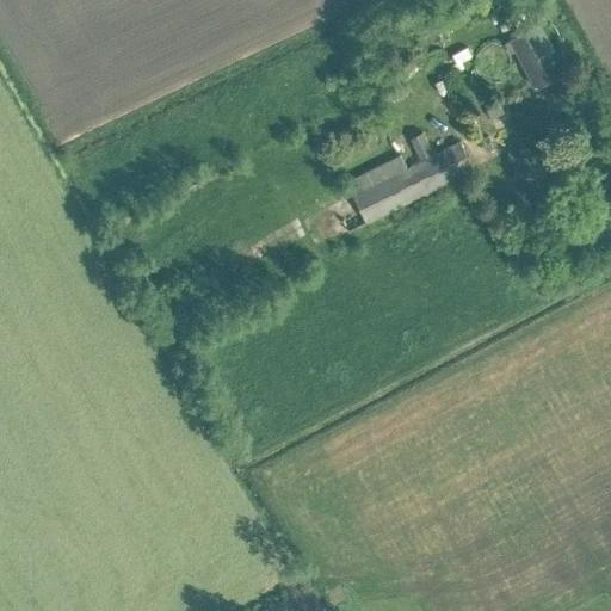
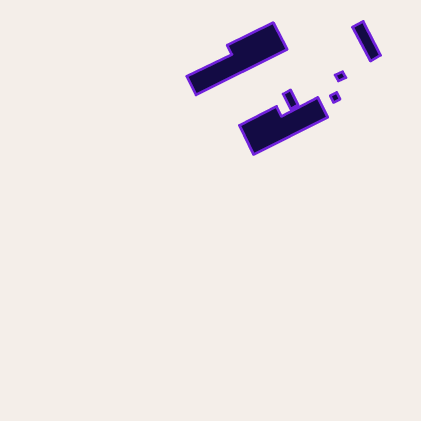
building: none -> [187,23,287,95]

